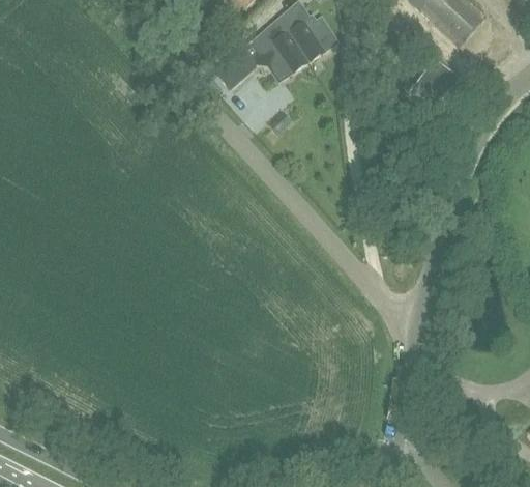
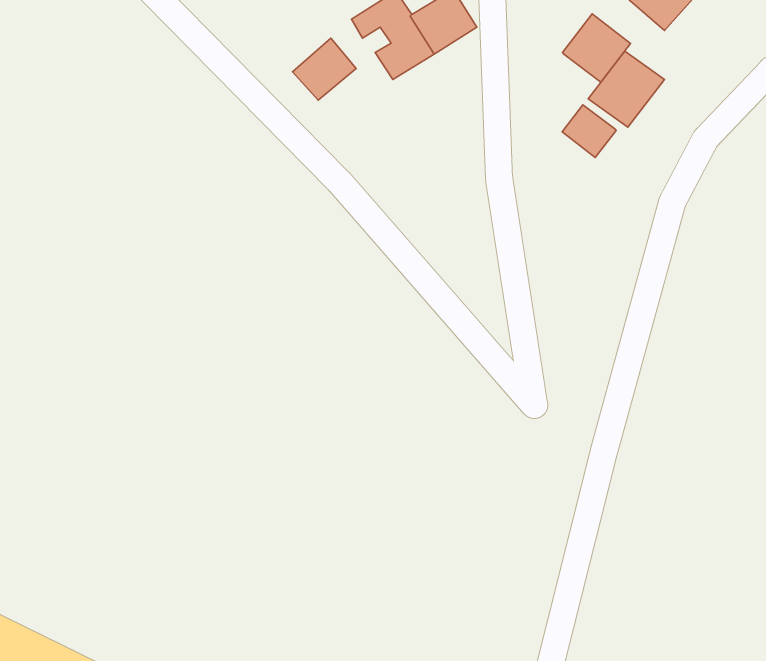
building: none -> [562,14,630,82]
building: none -> [562,105,616,157]

